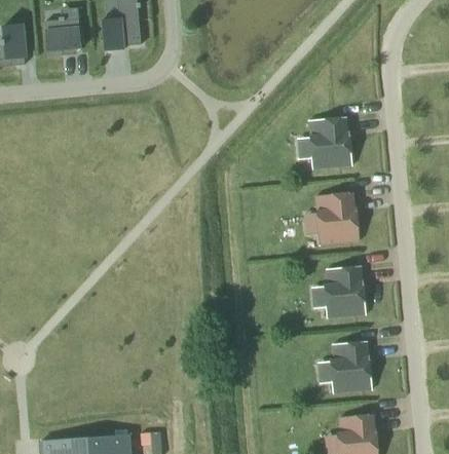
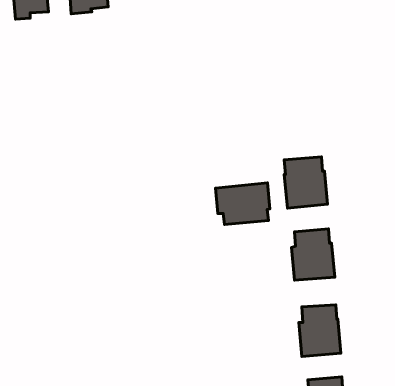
building: [308,117,351,168] -> none
building: none -> [215,183,270,224]

